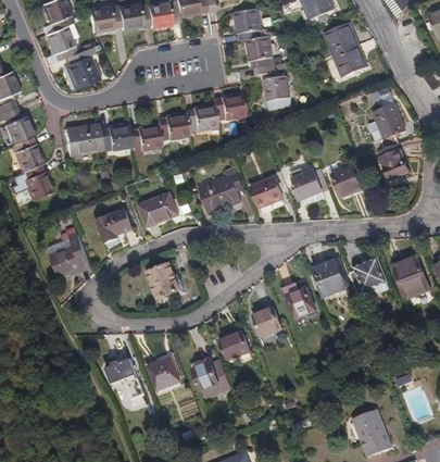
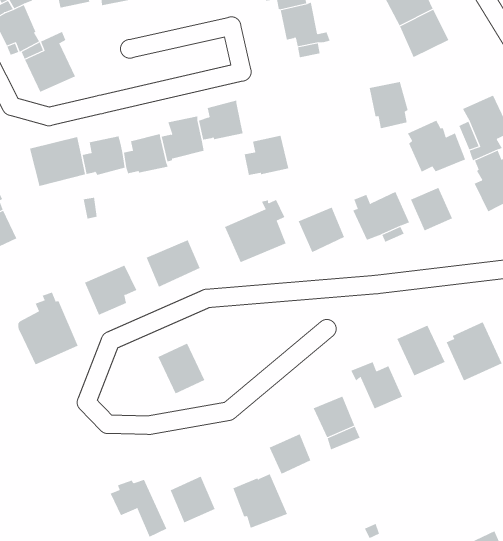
building: [263,74,290,107] -> [369,81,408,129]
building: [213,89,244,116] -> [244,135,289,176]
building: none -> [407,120,466,172]

